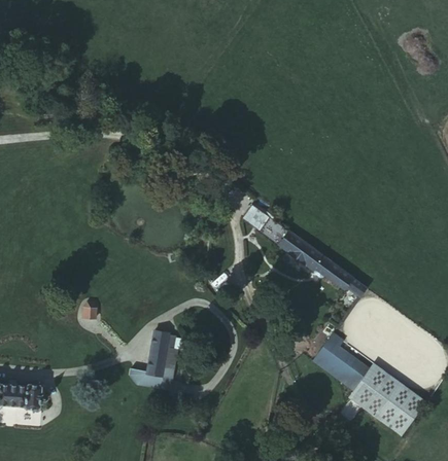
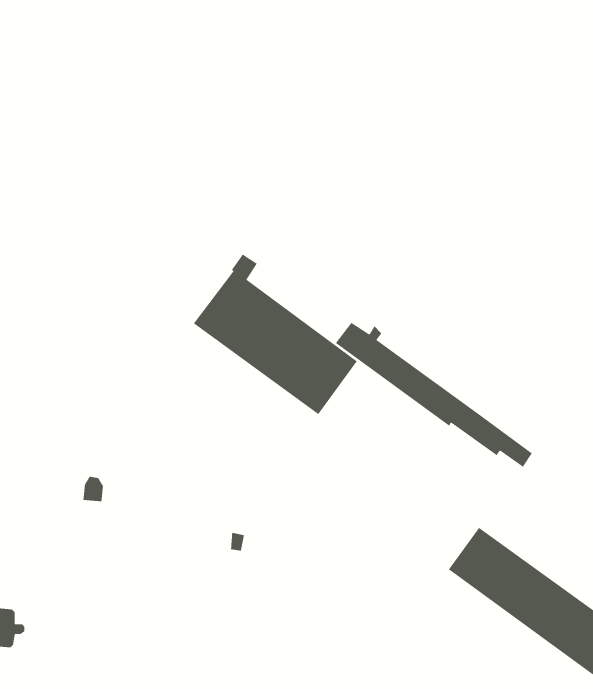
building: none -> [193,254,358,415]
building: [130,331,175,390] -> none

